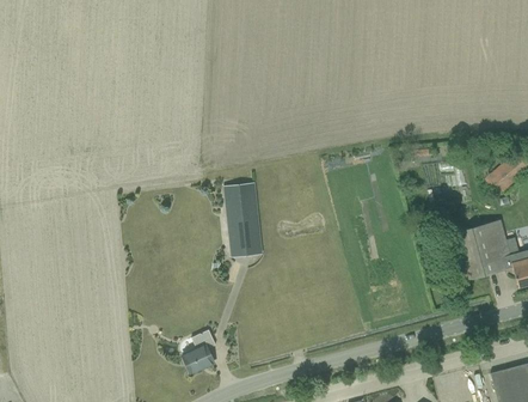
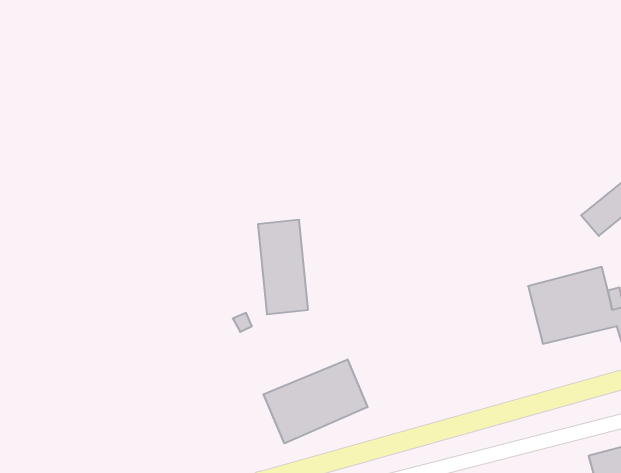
building: none -> [263,359,368,443]
building: [182,330,215,373] -> none

